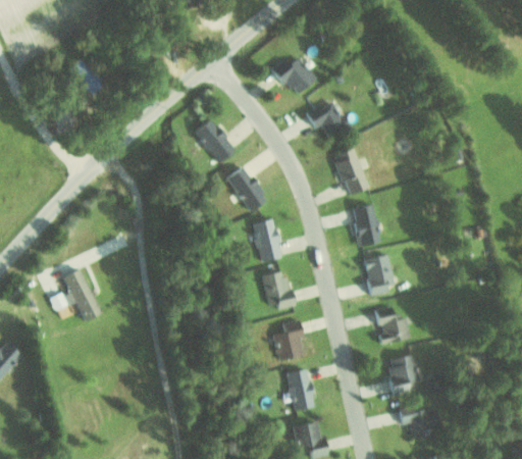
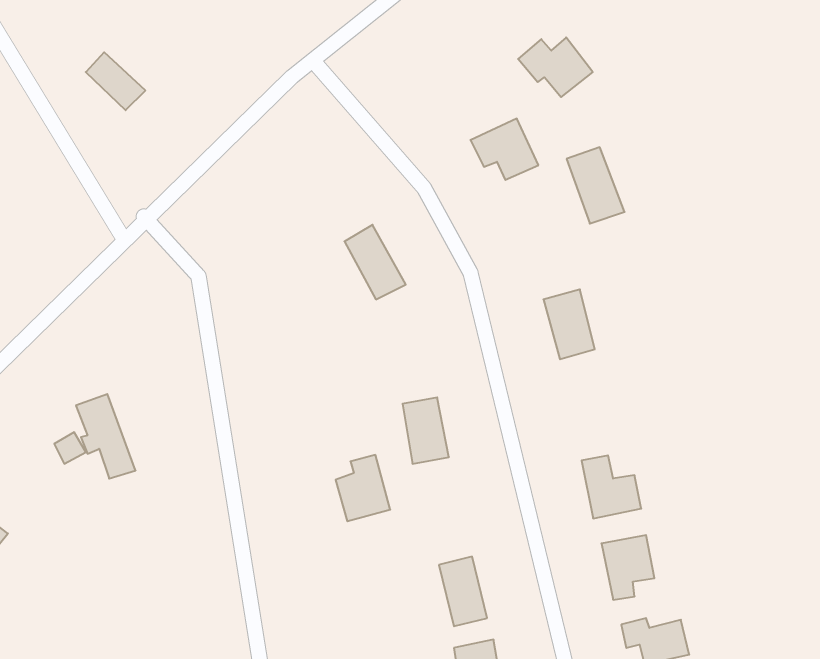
building: [270,57,316,94] -> [518,37,593,97]
building: [192,118,236,164] -> none
building: [333,148,369,195] -> [567,147,625,224]
building: [252,218,281,262] -> none
building: [363,254,395,294] -> none
building: [272,320,306,361] -> [336,455,390,521]

